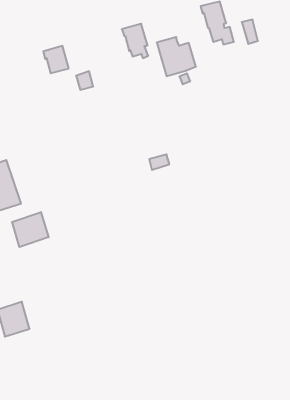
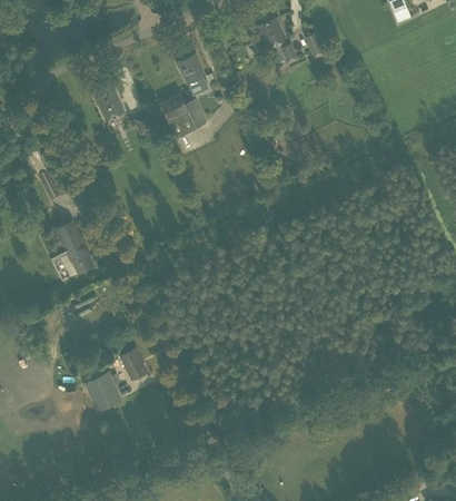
building: [157,37,196,76] -> [160,94,206,137]
building: [12,212,49,247] -> none
building: none -> [120,347,147,379]

